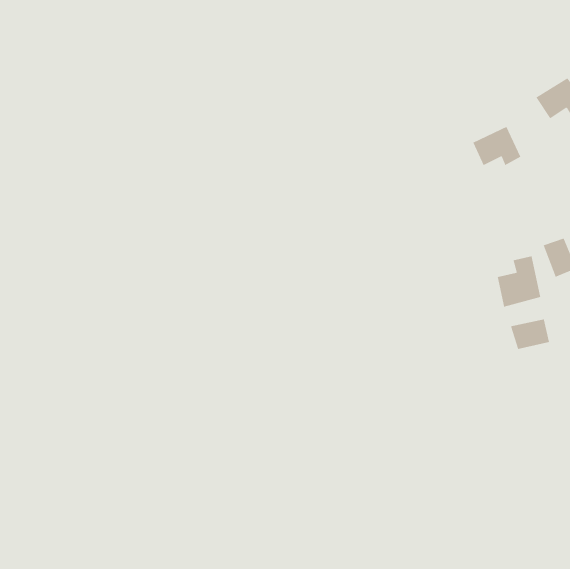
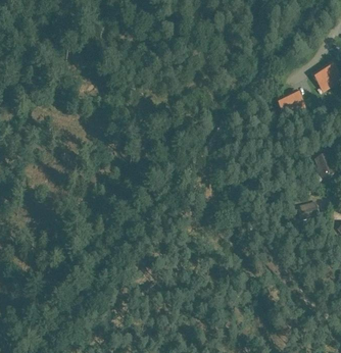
building: [497,256,541,308] -> none

